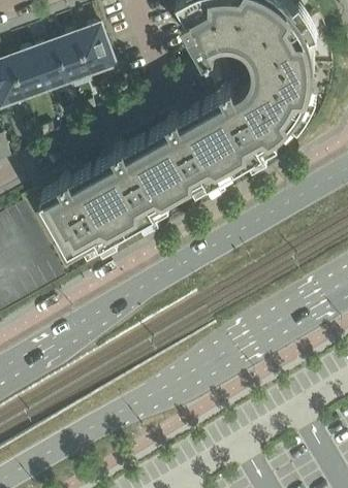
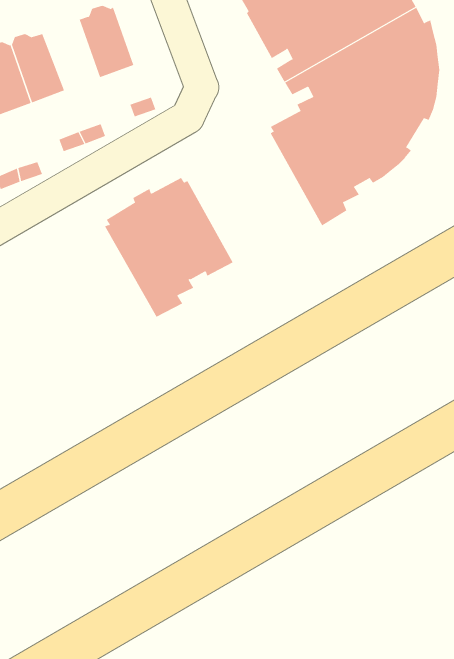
building: [53,37,90,85] -> none
building: [148,110,235,197] -> none
building: [38,171,127,256] -> none

